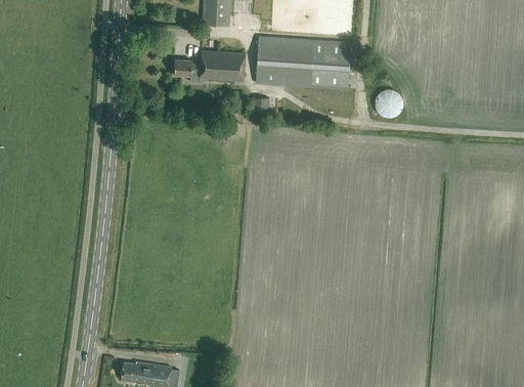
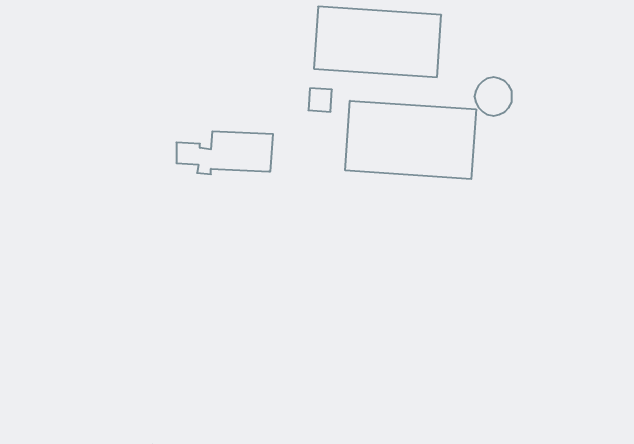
building: [174,51,246,83] -> [176,131,273,174]
building: none -> [345,101,476,179]

